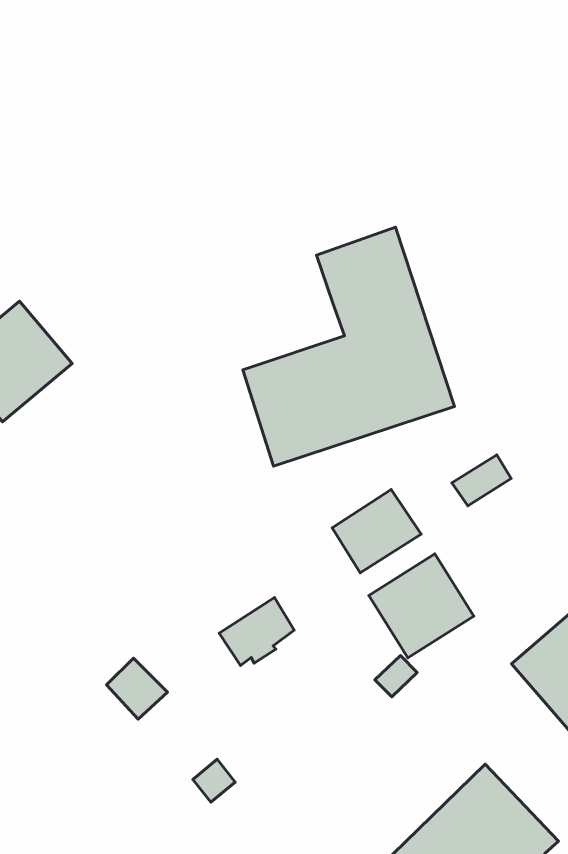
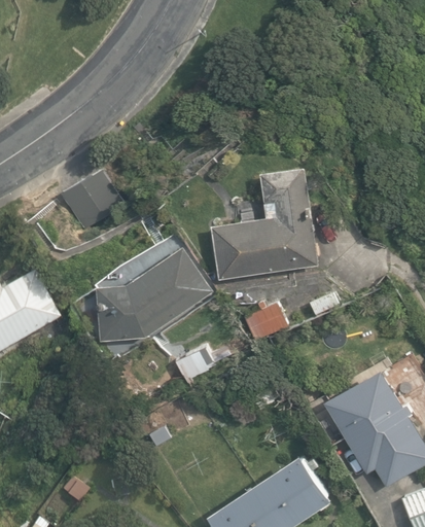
building: none -> [97,247,214,342]
building: [369,554,474,658] -> none

